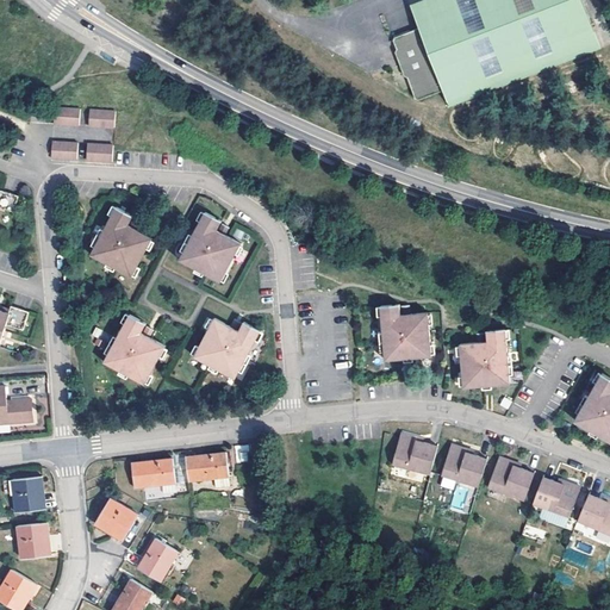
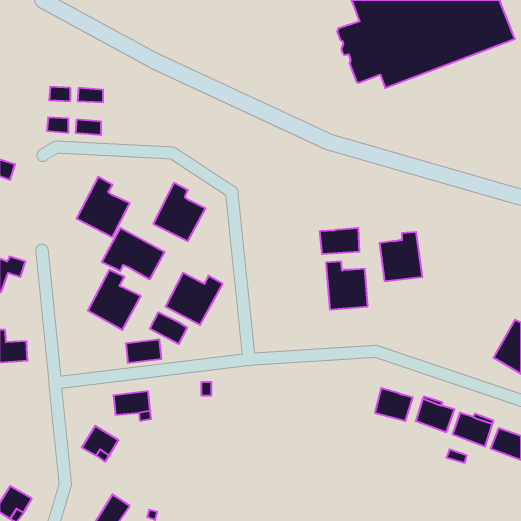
building: none -> [102,228,165,279]
building: none -> [320,228,359,254]
building: [460,332,510,390] -> [379,232,422,281]
building: none -> [150,312,187,344]
building: [388,444,431,480] -> none
building: [187,452,229,479] -> [126,339,161,363]
building: [13,475,44,511] -> none
building: [19,522,50,558] -> none
building: [137,536,178,580] -> none

